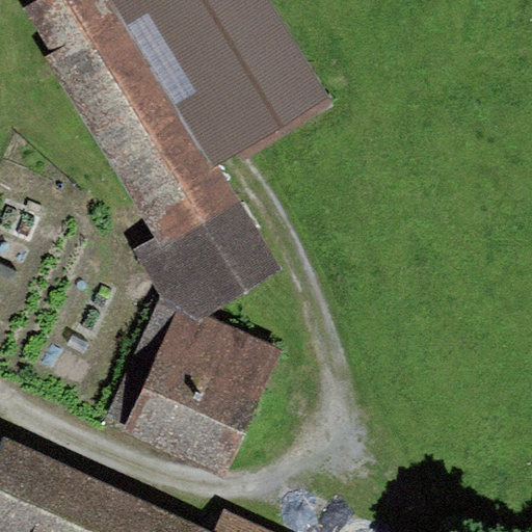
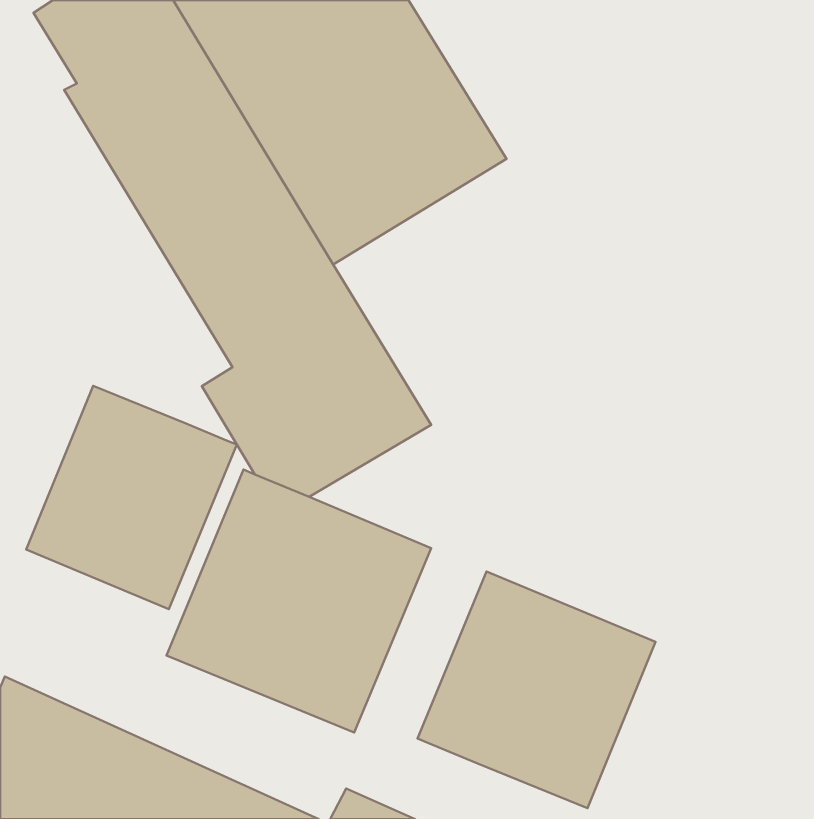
building: none -> [26,386,237,609]
building: none -> [418,571,656,808]

